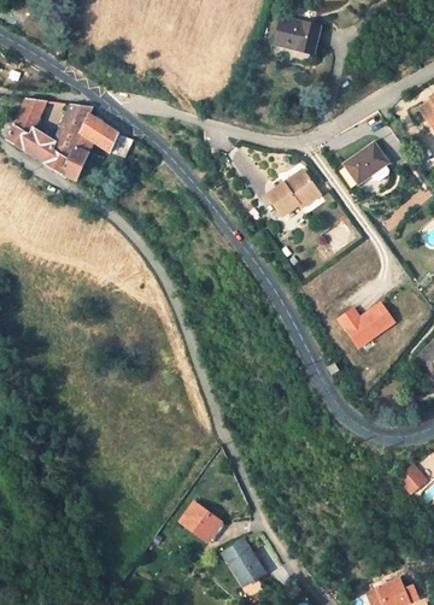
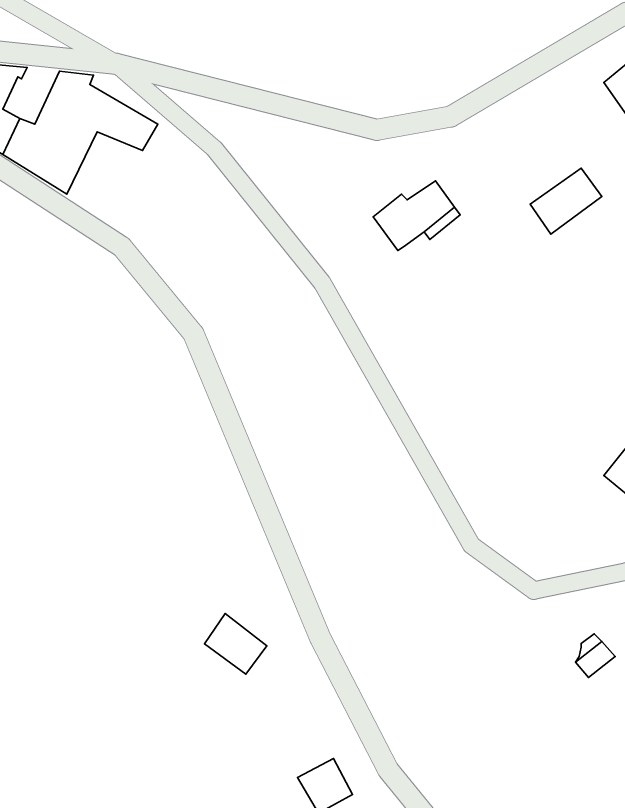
building: [342,142,388,184] -> [530,168,602,234]
building: [338,300,393,343] -> none
building: [181,503,221,541] -> [204,614,267,674]

